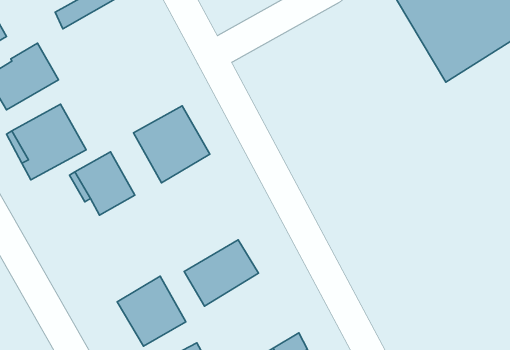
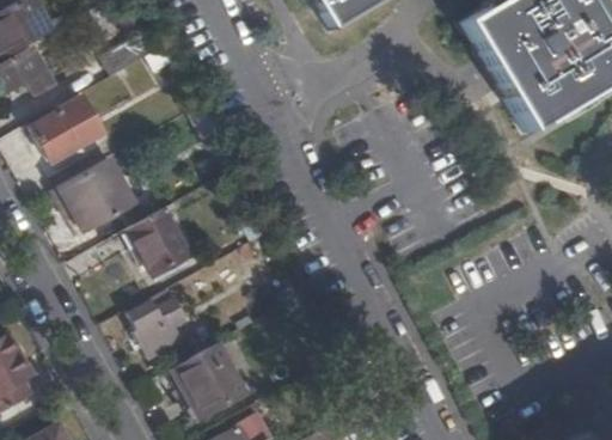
building: [134,106,210,183] -> none
building: none -> [130,287,186,359]
building: [184,240,258,306] -> none

